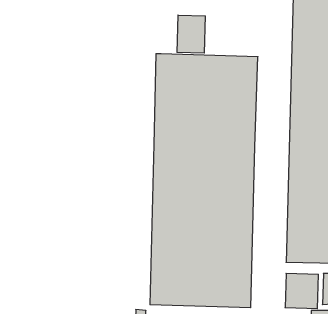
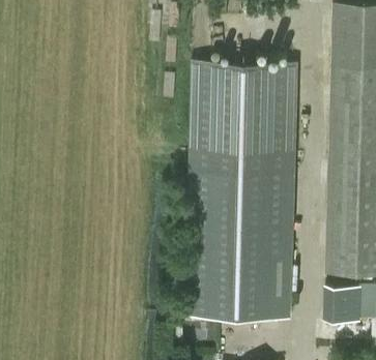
building: [177,15,205,53] -> none

